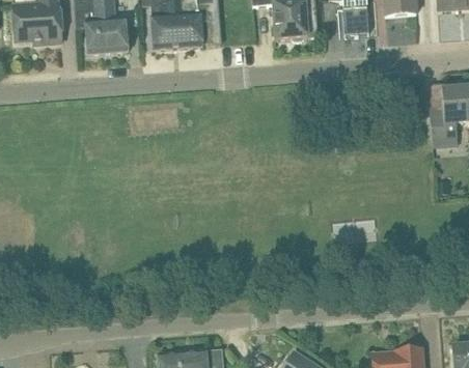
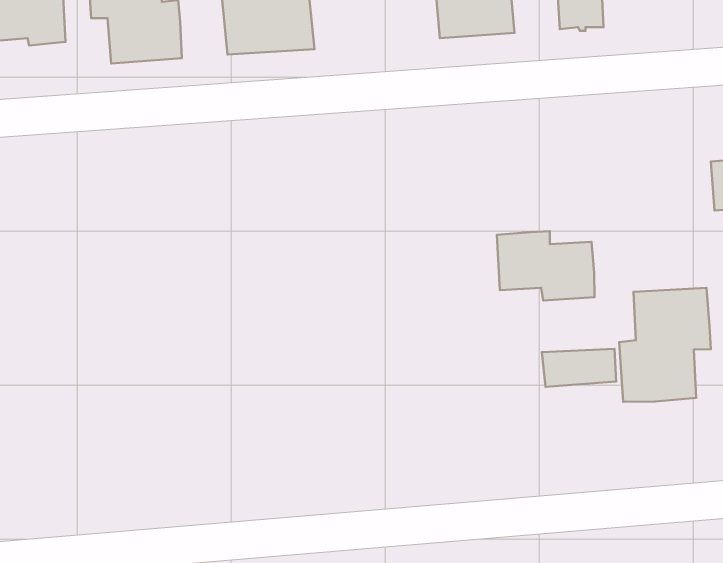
building: none -> [497,231,594,301]
building: none -> [619,288,711,402]

